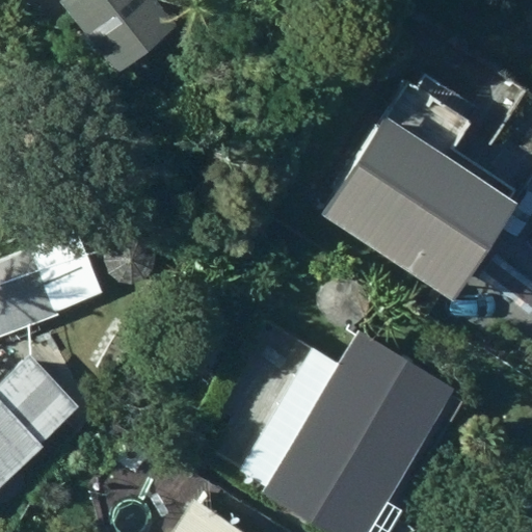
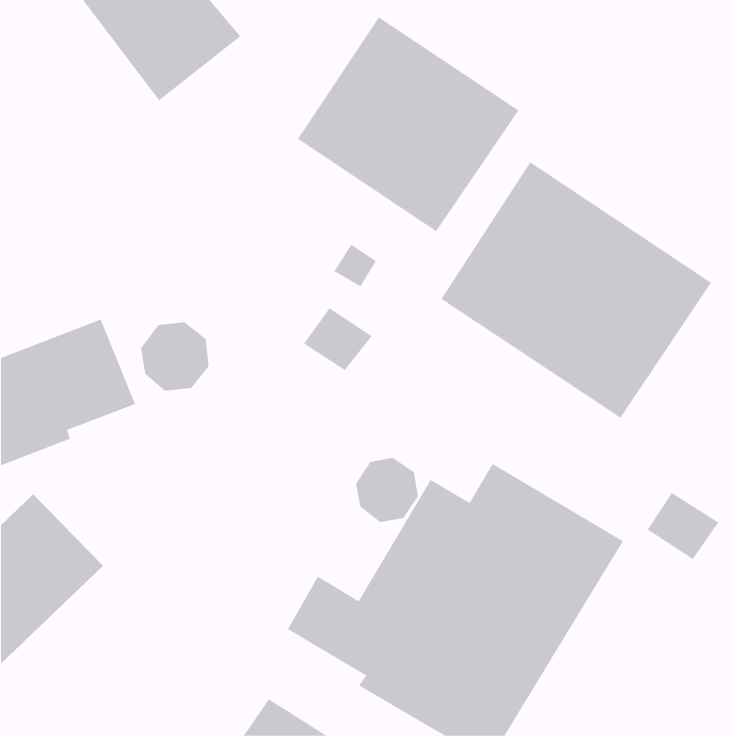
building: none -> [297,17,519,232]

